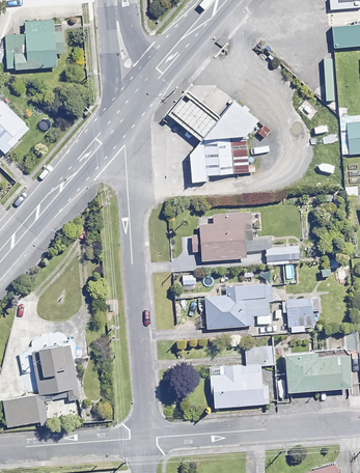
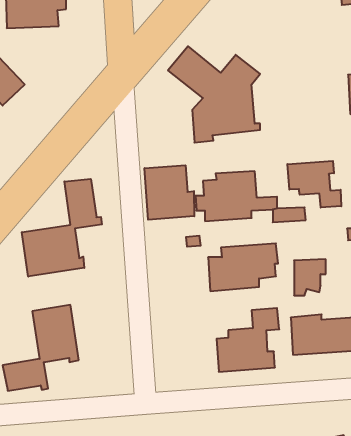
building: none -> [287,161,341,208]
building: none -> [145,165,194,220]
building: none -> [22,179,102,277]

